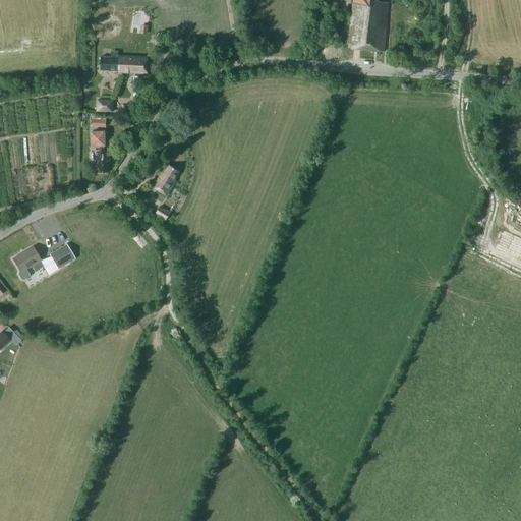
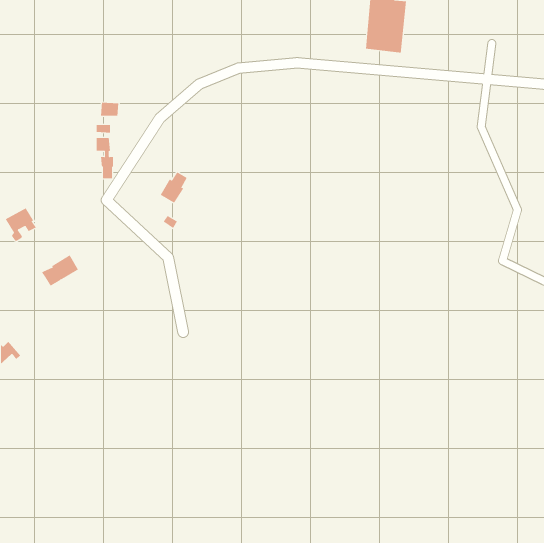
building: [100,55,148,73] -> none
building: [12,246,43,279] -> [5,207,37,241]

